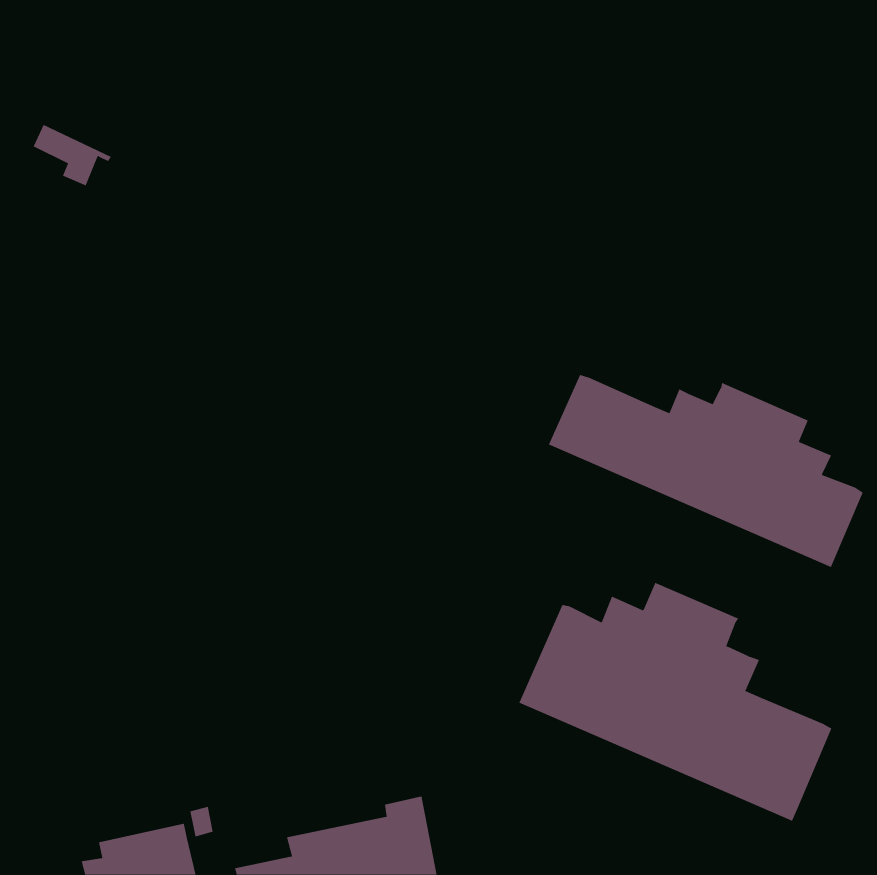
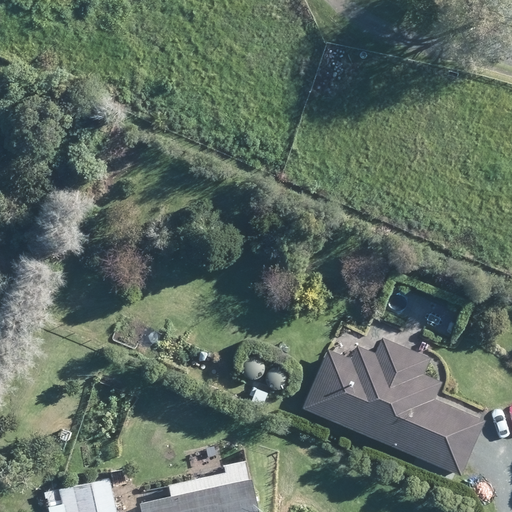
building: [548,374,863,568] -> none

